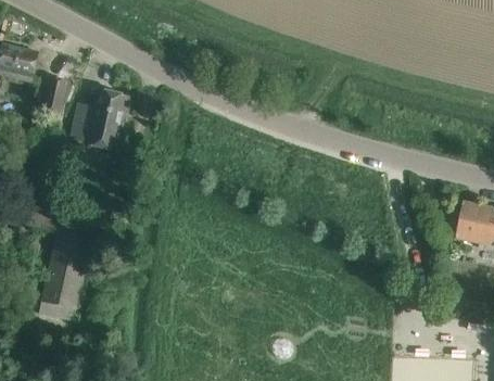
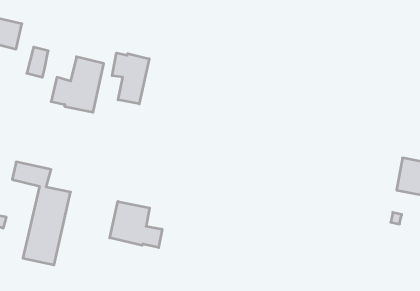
building: none -> [112,53,149,104]
building: none -> [110,201,162,248]

